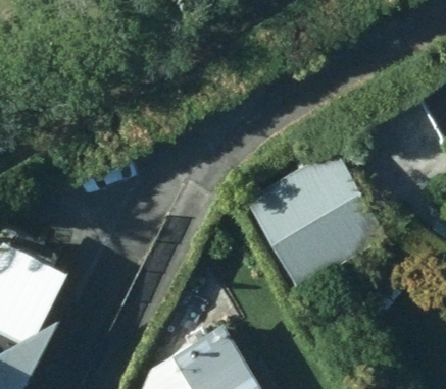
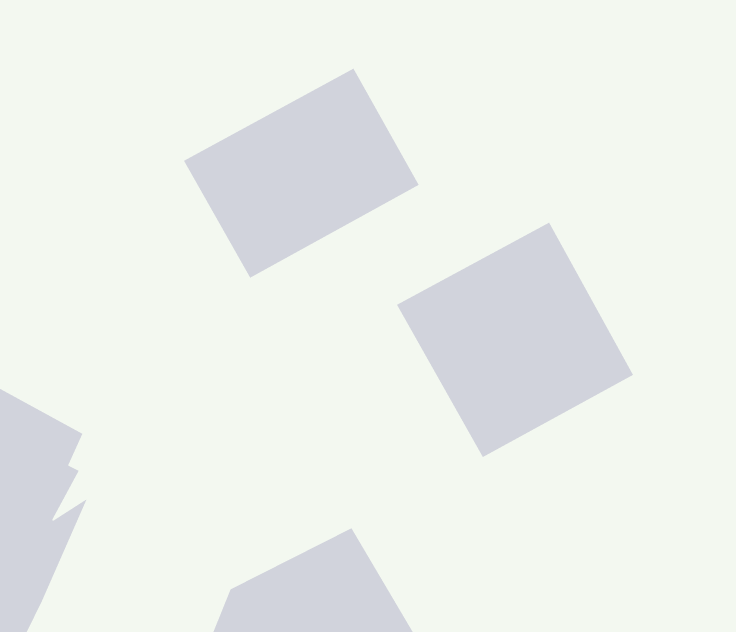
building: none -> [183,67,420,279]

